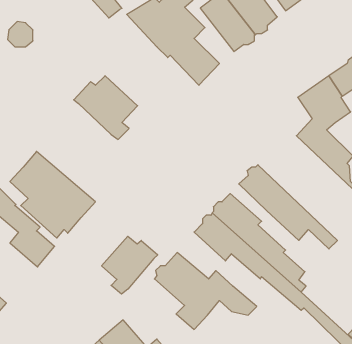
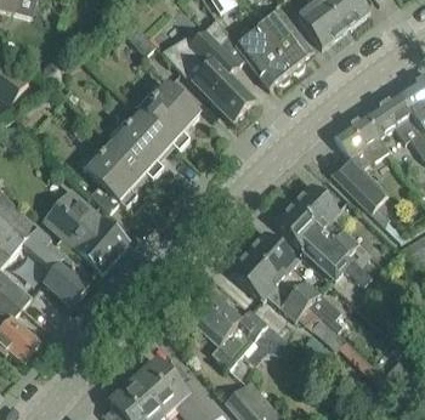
building: none -> [135,84,199,149]
building: none -> [81,141,146,211]
building: none -> [294,183,372,265]
building: [102,236,158,294] -> none

